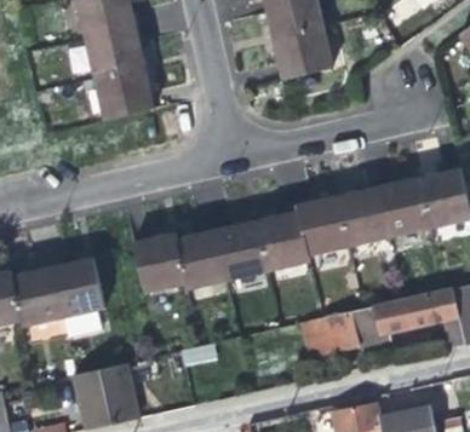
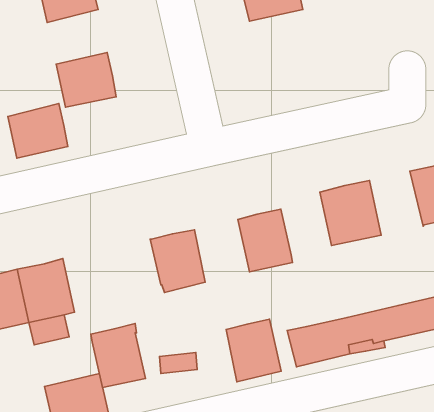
building: [81,27,137,77] -> [8,103,68,158]
building: [269,27,327,76] -> none
building: [380,177,430,236] -> none
building: [297,196,345,254] -> none
building: [218,221,269,280] -> [226,319,281,382]
building: [136,231,187,290] -> [91,324,146,388]

